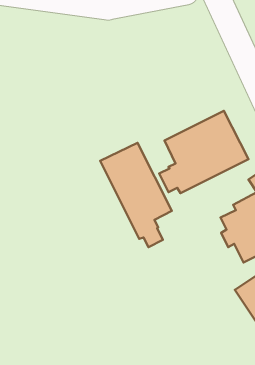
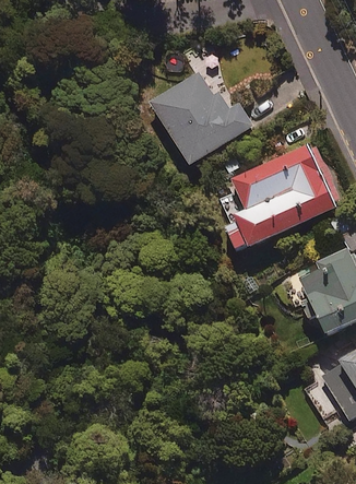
building: none -> [146,69,252,166]
building: [100,143,172,247] -> none

